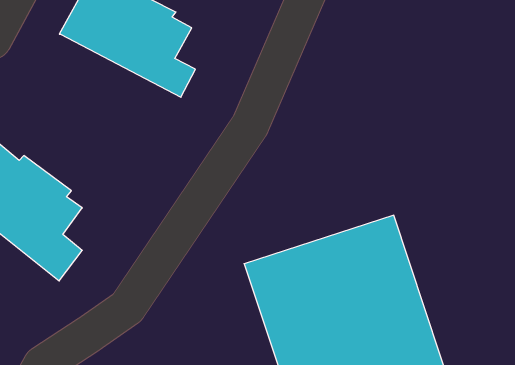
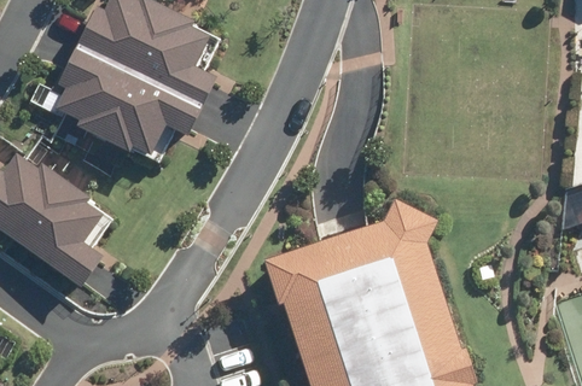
building: none -> [59,42,200,153]

